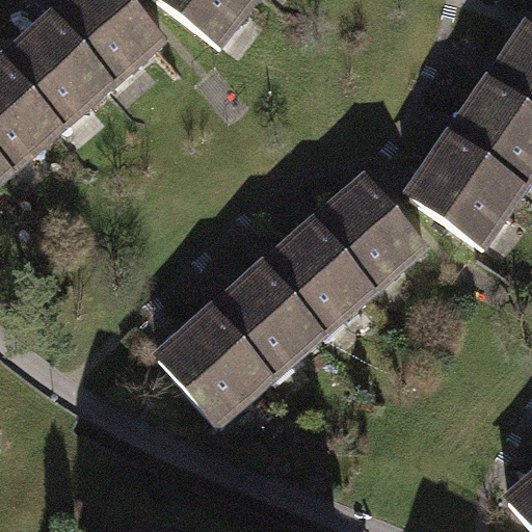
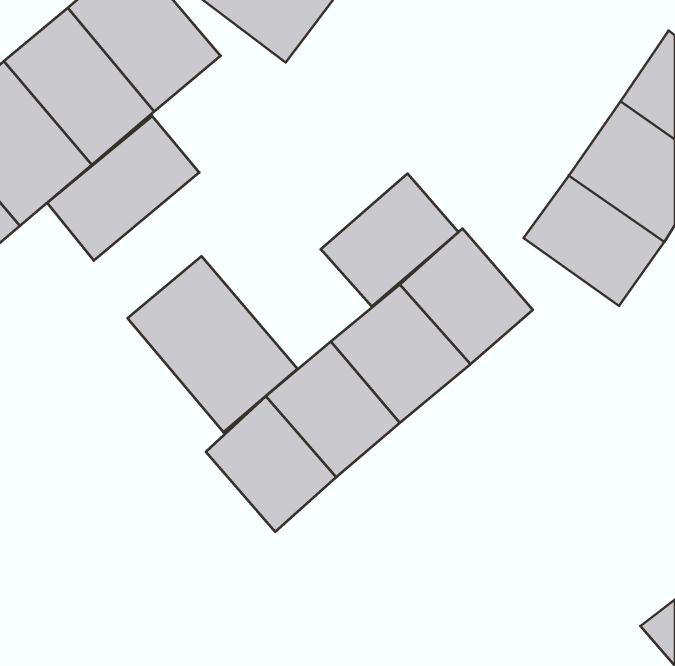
building: none -> [47,116,199,261]
building: none -> [321,174,459,306]
building: none -> [128,256,298,432]

